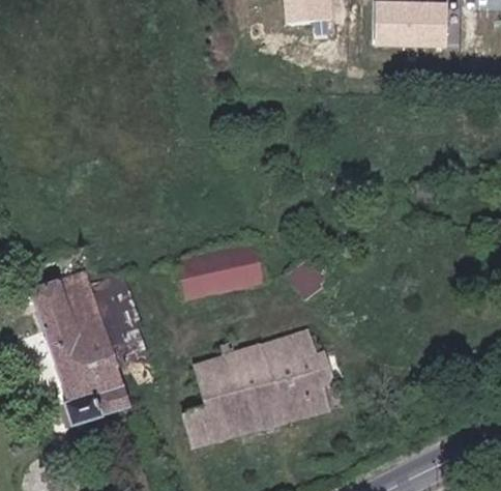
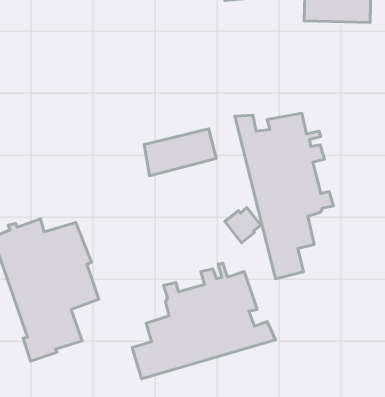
building: none -> [235,113,333,279]
building: [178,243,259,296] -> [144,129,216,176]

